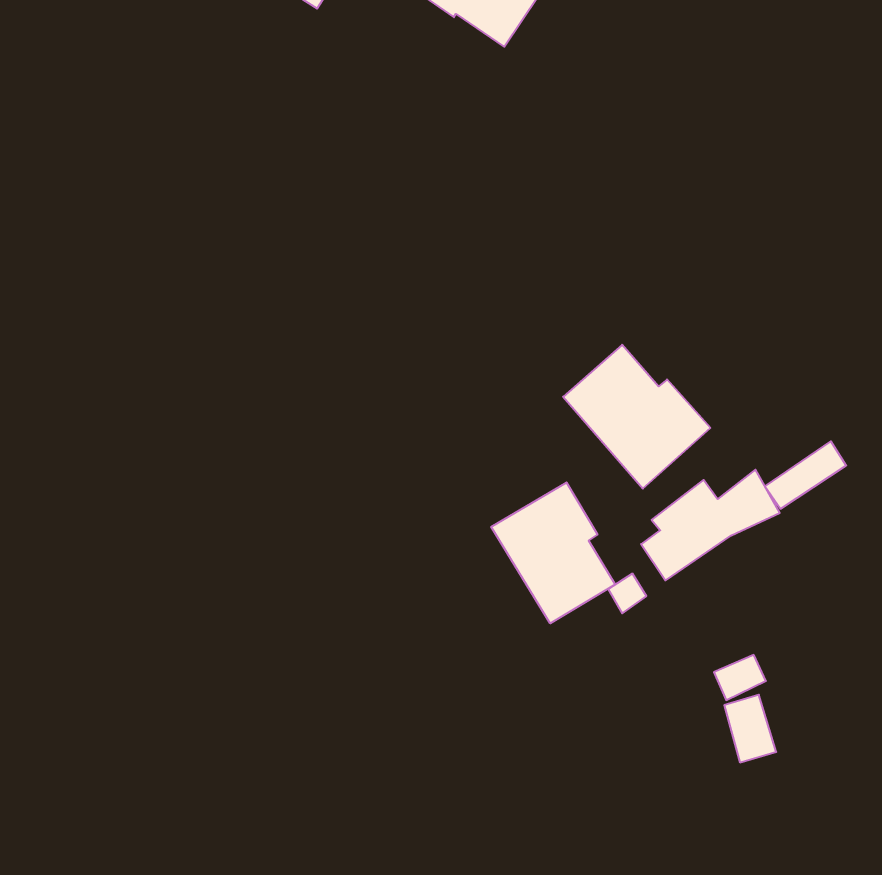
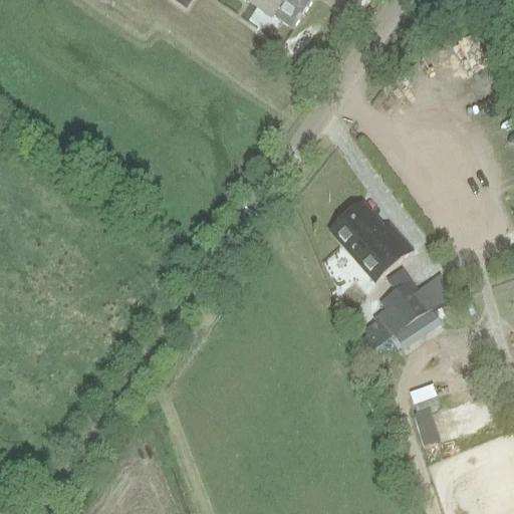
building: [765,441,846,509] -> [393,308,440,347]
building: [491,482,615,623] -> none

